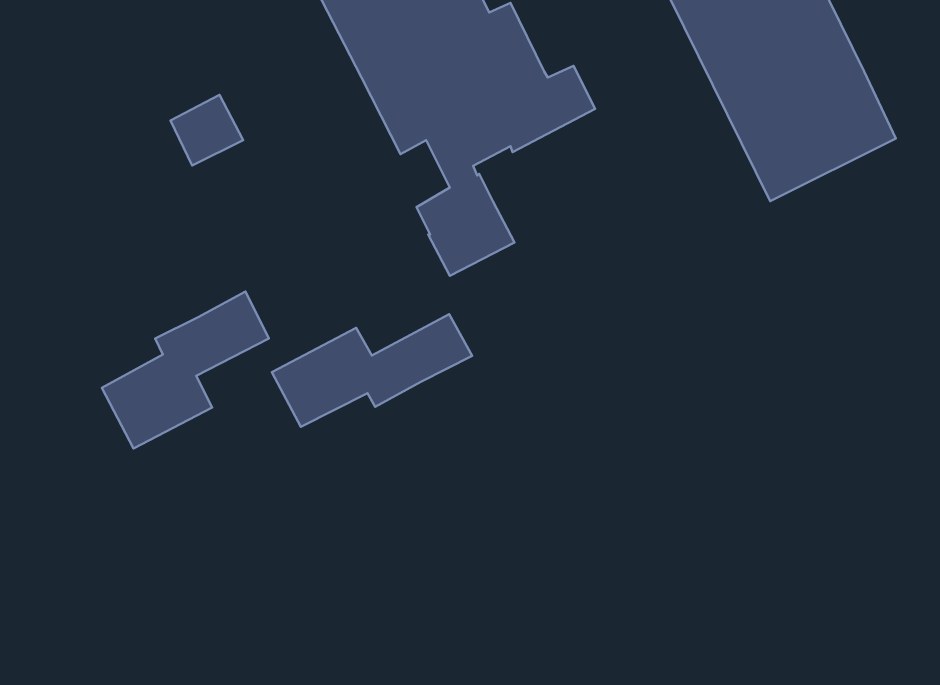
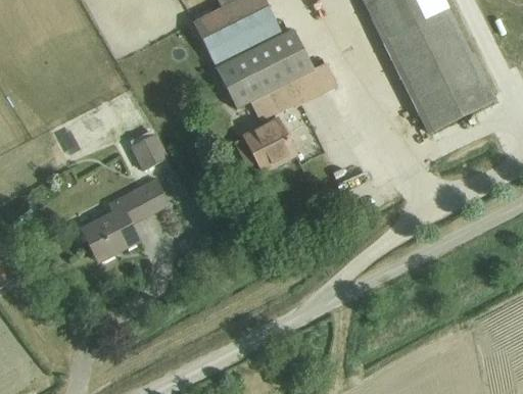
building: [170,95,243,166] -> [130,131,168,167]
building: [272,314,472,427] -> none

